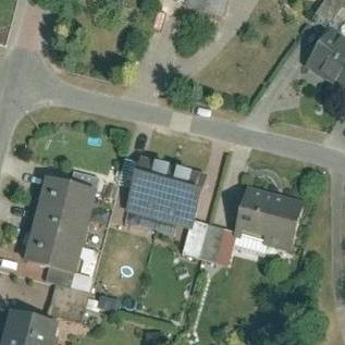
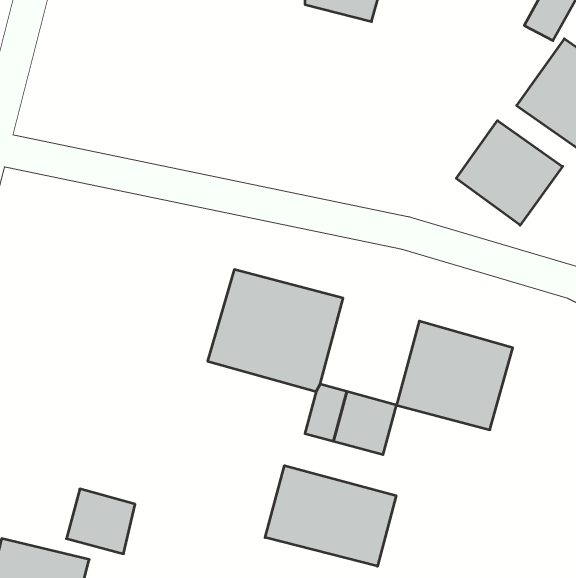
building: none -> [456,121,563,225]
building: [25,180,95,272] -> none
building: none -> [265,466,396,566]

